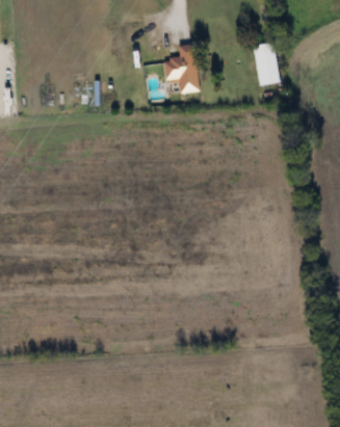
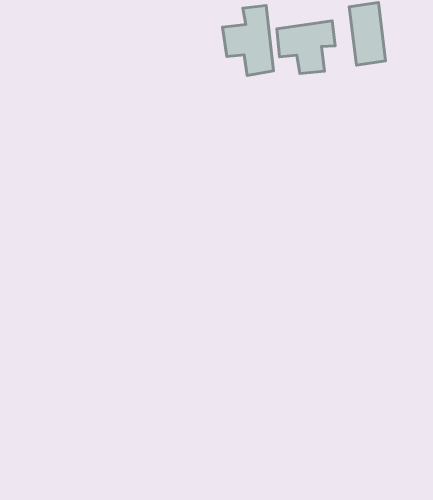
building: none -> [277,21,335,73]

